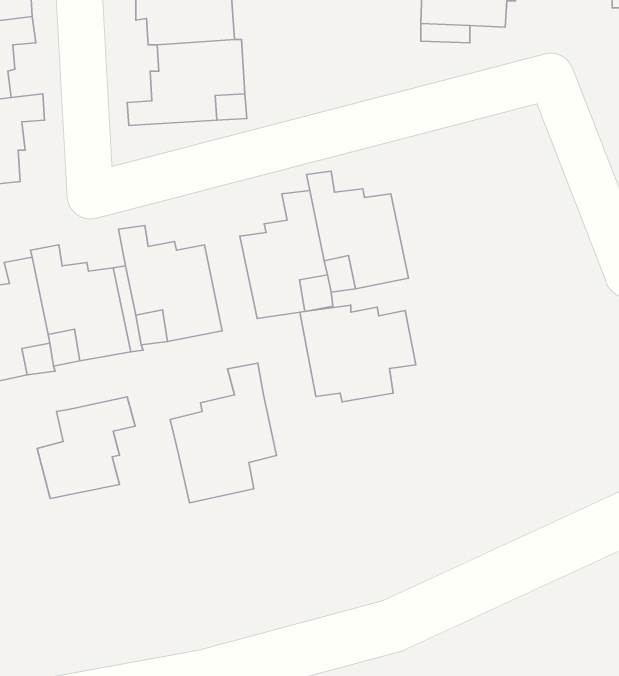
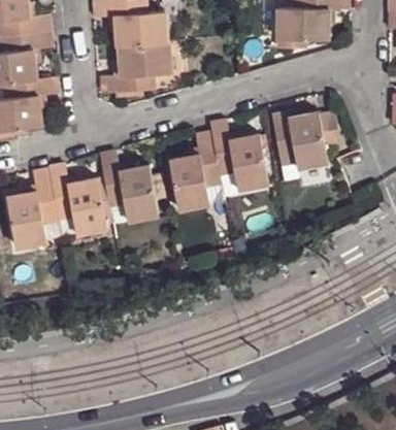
building: [300,305,416,402] -> [271,110,339,167]
building: [170,363,277,503] -> none
building: [37,397,135,499] -> none

